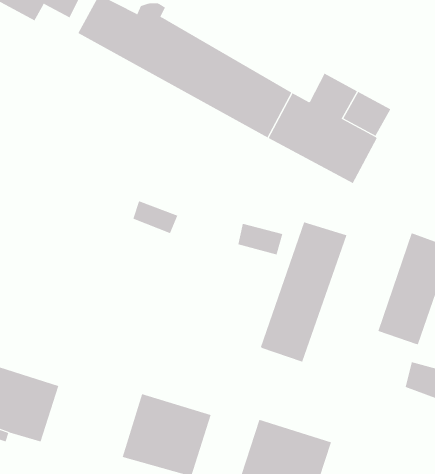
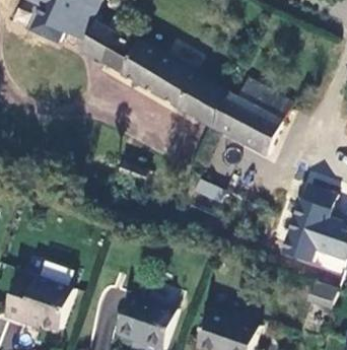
building: [260,221,347,363] -> none

